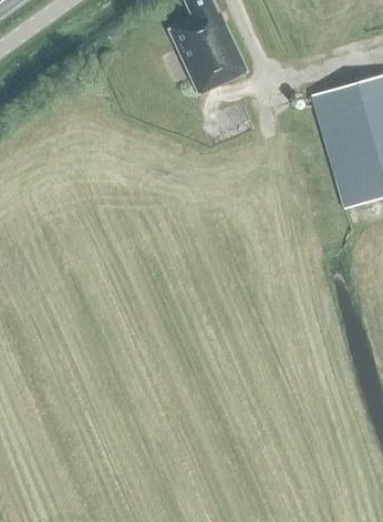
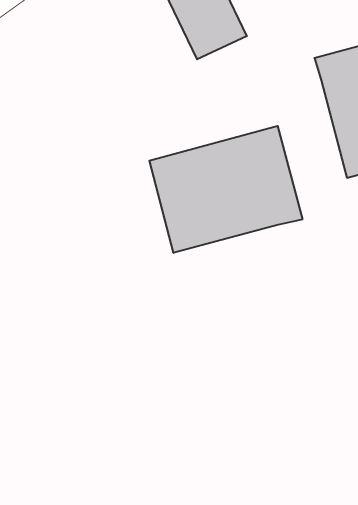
building: none -> [149,126,302,253]

